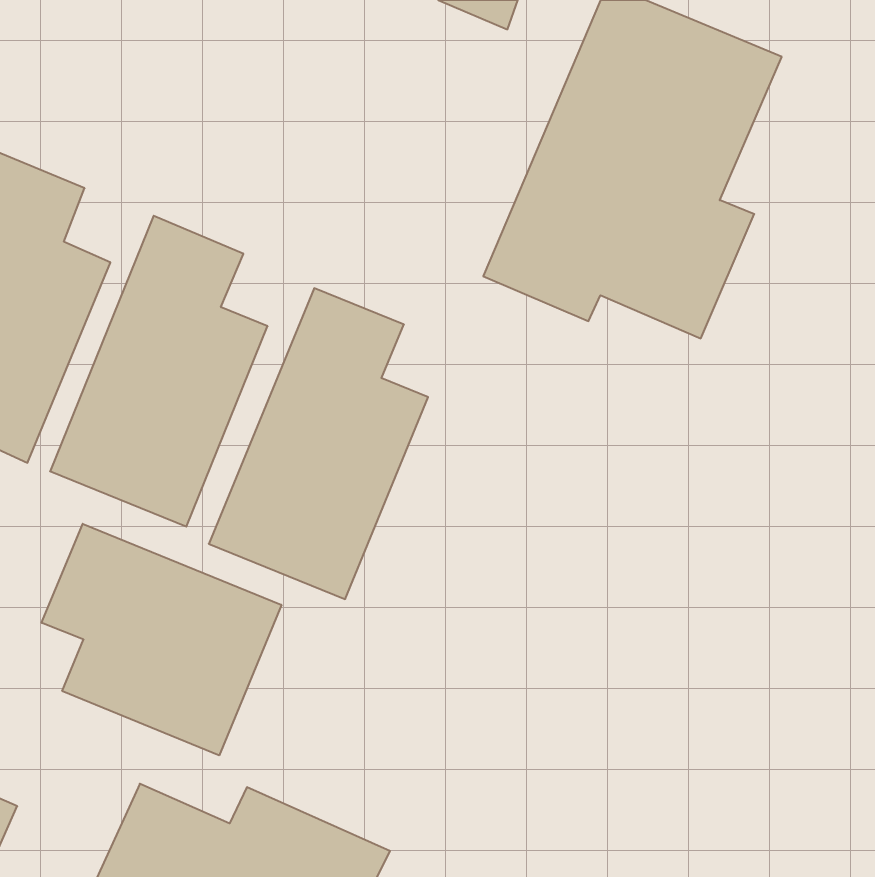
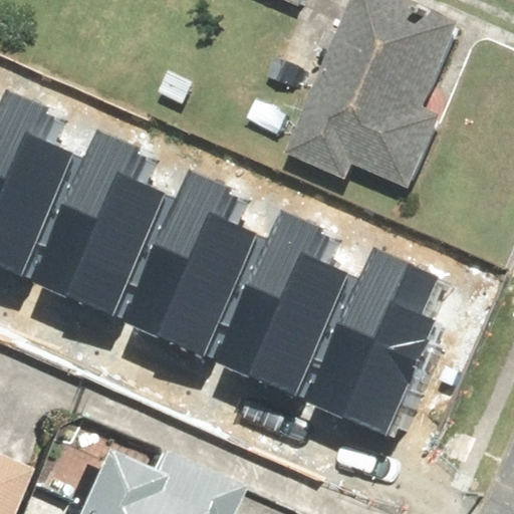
building: none -> [216,207,343,388]
building: none -> [311,248,439,429]
building: [42,524,281,755] -> none

